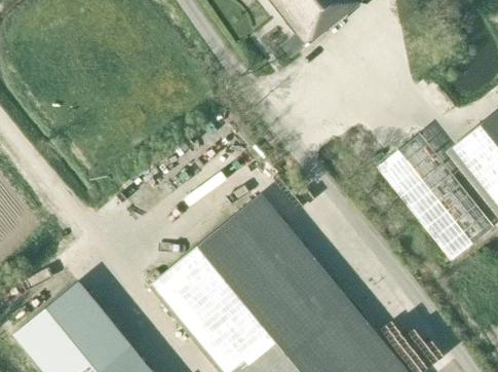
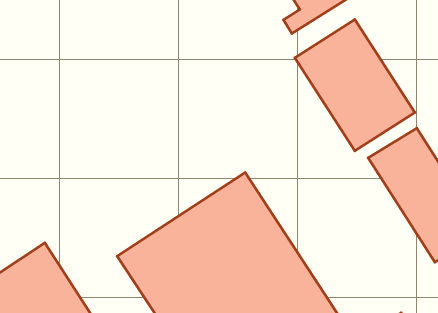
building: none -> [295,19,415,151]

